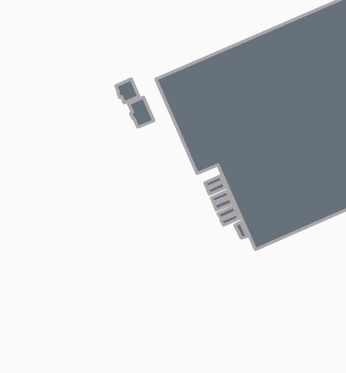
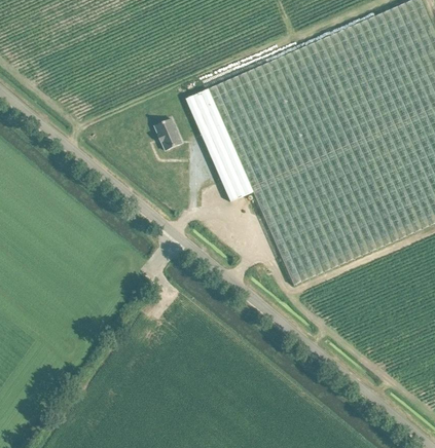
building: [116,79,139,103] -> none

